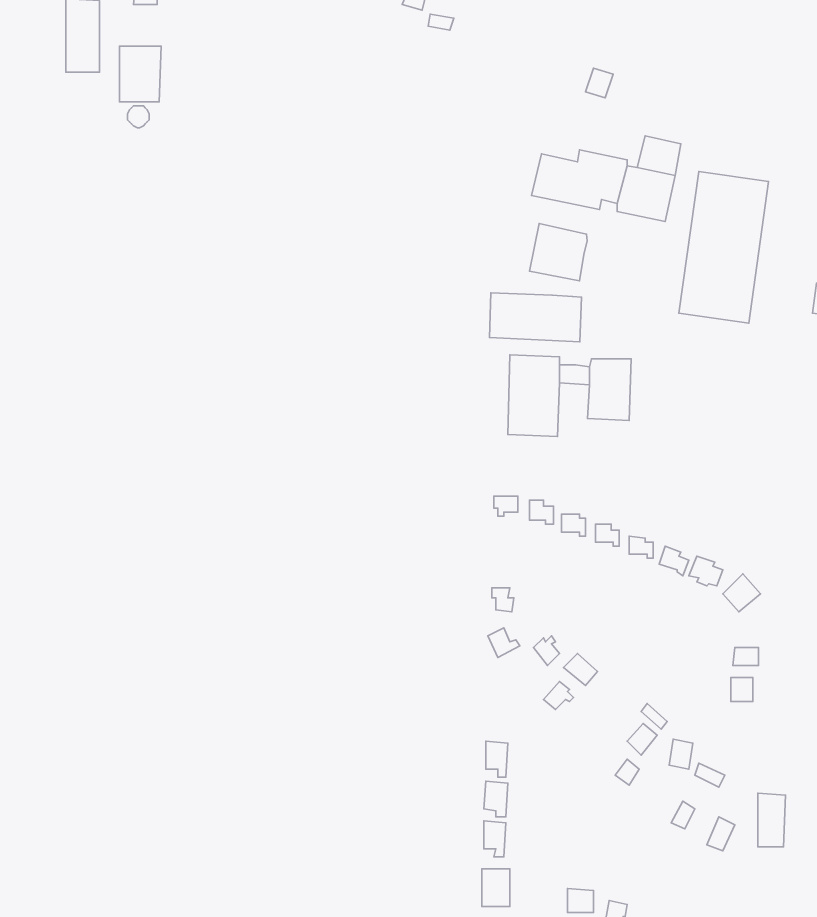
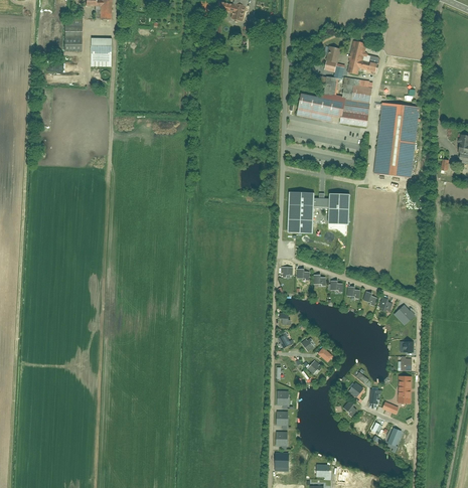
building: none -> [346,42,379,74]
building: [529,223,587,281] -> none
building: [489,293,581,342] -> none
building: [758,793,786,847] -> [397,374,411,401]

